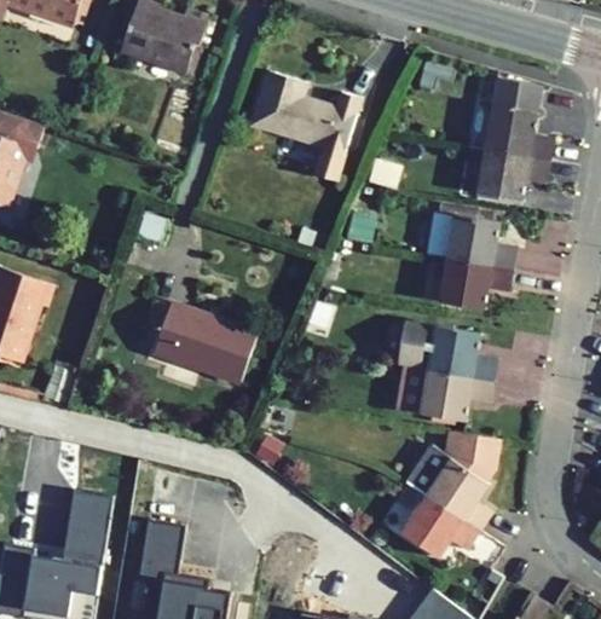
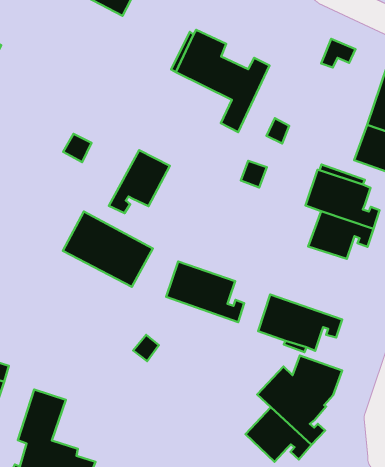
building: none -> [109,150,170,213]
building: [401,323,493,382] -> [166,261,244,322]

